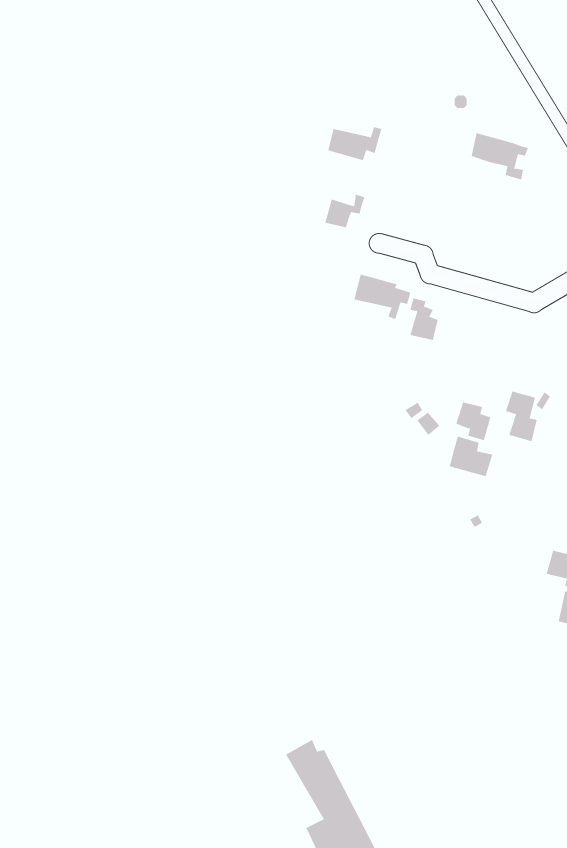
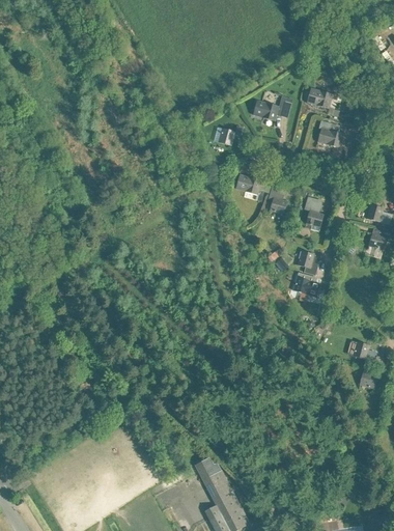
building: [328,127,382,161] -> [252,101,285,121]
building: none -> [316,120,343,148]
building: [505,391,537,442] -> [303,197,322,228]

